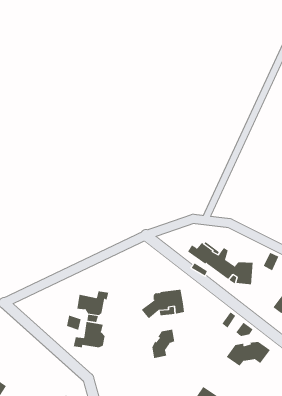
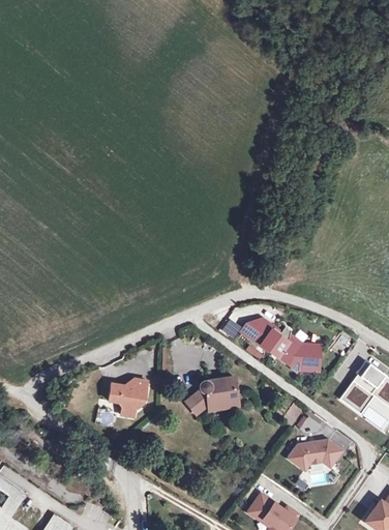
building: [73,321,105,348] -> none
building: [152,329,175,359] -> none

